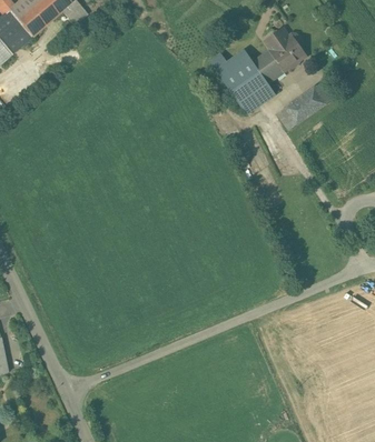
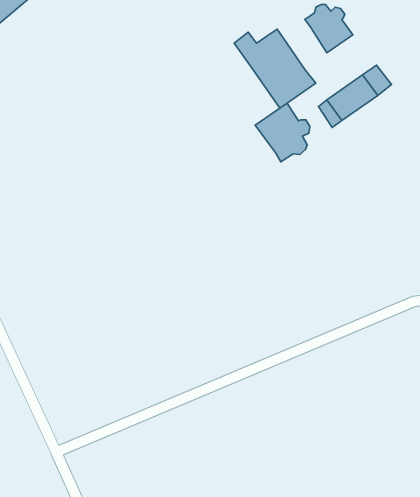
building: [253,49,285,83] -> none
building: none -> [255,103,310,162]

